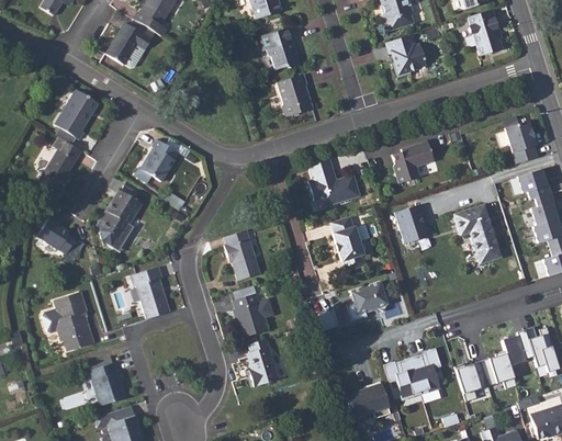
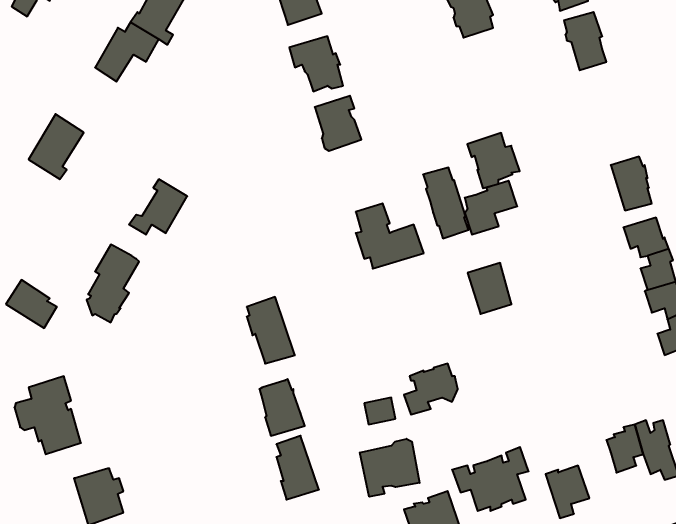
building: [387,34,428,77] -> [467,133,520,188]
building: [41,135,82,192] -> none
building: [454,204,501,263] -> none
building: [330,217,366,272] -> [423,168,468,238]
building: [131,268,170,318] -> none
building: none -> [360,439,420,497]
building: [481,351,517,388] -> none

